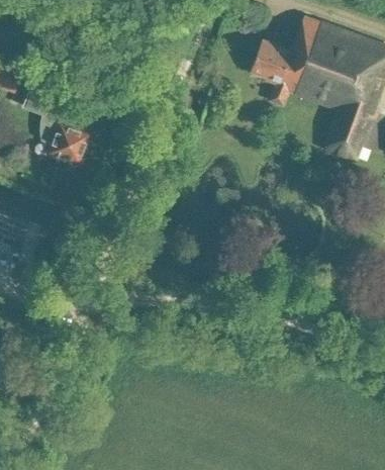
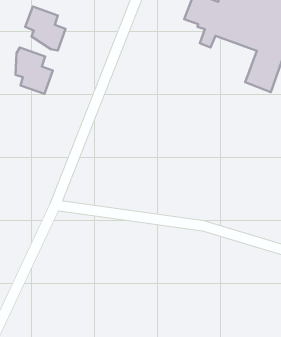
building: none -> [25,7,66,51]

